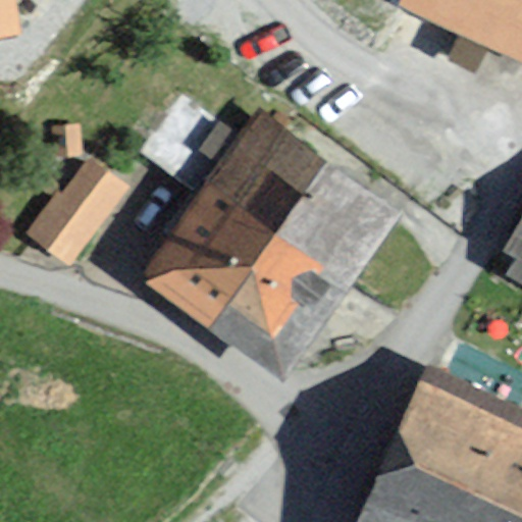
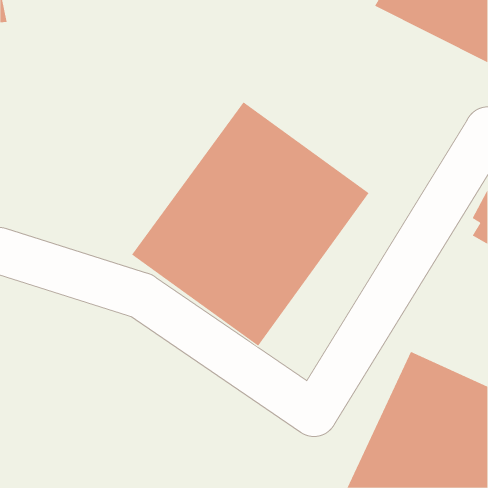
building: [25,158,128,264] -> none

